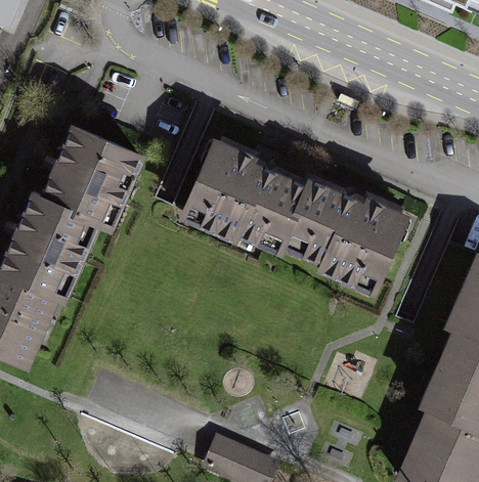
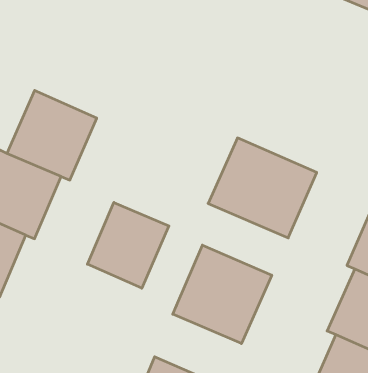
building: [183,133,312,252] -> none
building: none -> [87,202,169,288]
building: none -> [173,245,272,344]

